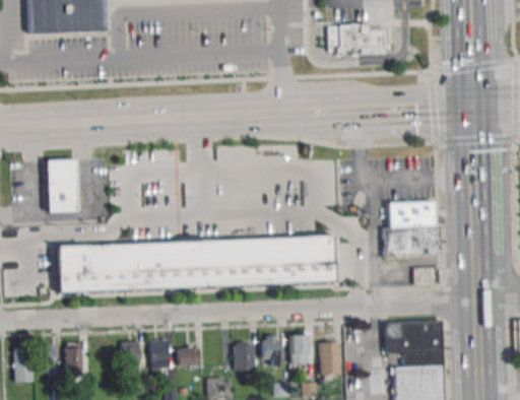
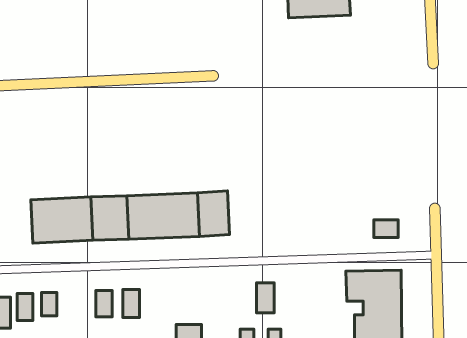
building: [44,159,78,211] -> none
building: [385,200,438,255] -> none
building: [261,235,331,282] -> none
building: [263,335,281,366] -> none
building: [321,342,336,374] -> none
building: [235,343,255,370] -> none
building: [180,346,199,366] -> none

